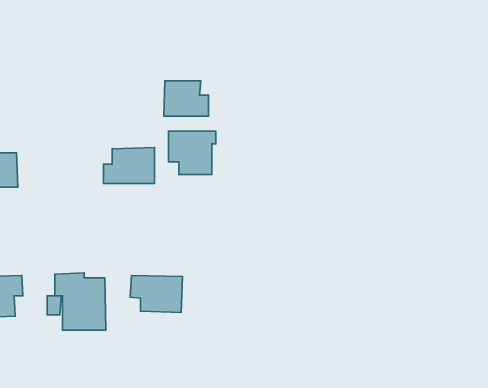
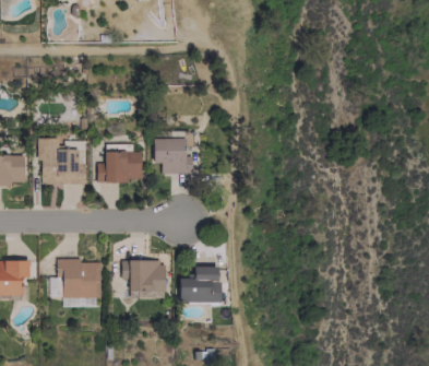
building: [164,81,208,116] -> none
building: none -> [40,139,86,185]
building: none -> [179,265,219,303]

